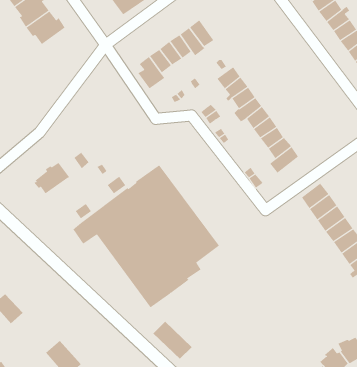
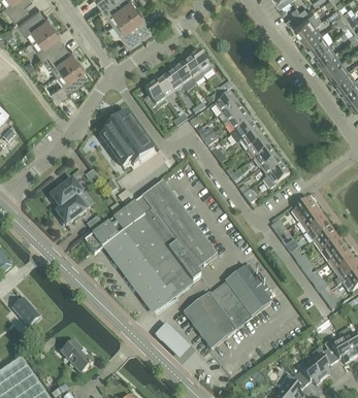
building: none -> [55,58,88,97]
building: none -> [99,111,153,167]
building: none -> [55,194,89,225]
building: none -> [183,267,271,349]

